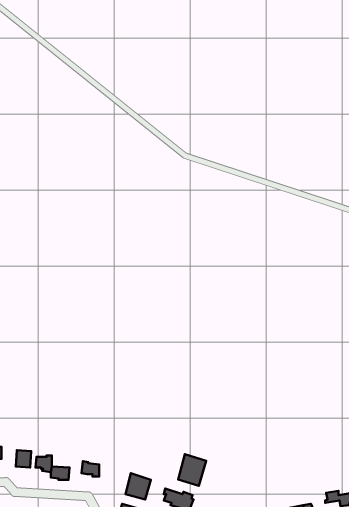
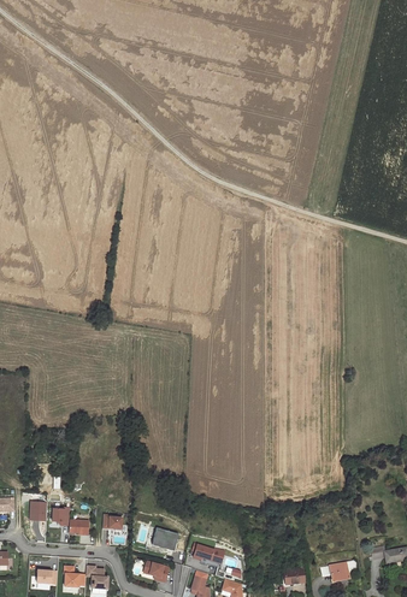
building: [178,454,206,486] -> none

